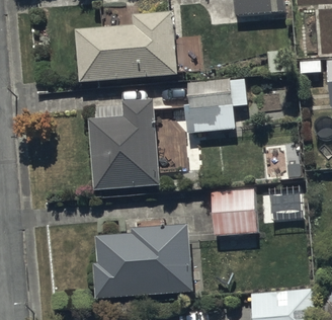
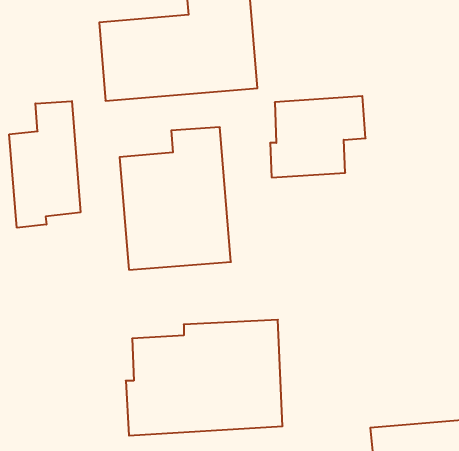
building: none -> [9,101,80,228]
building: [211,188,272,235] -> none

